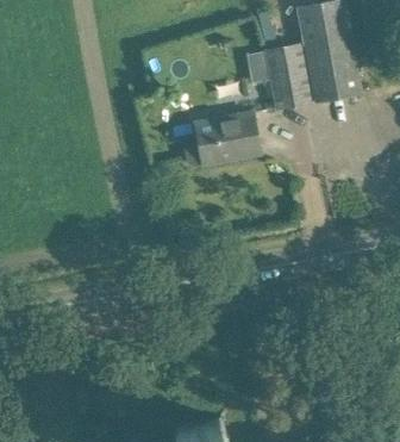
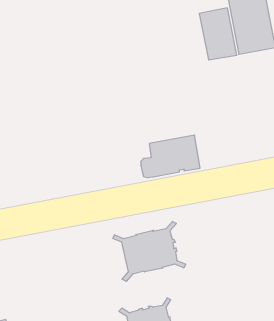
building: [185,113,260,167] -> [141,135,200,178]
building: none -> [113,221,186,281]

